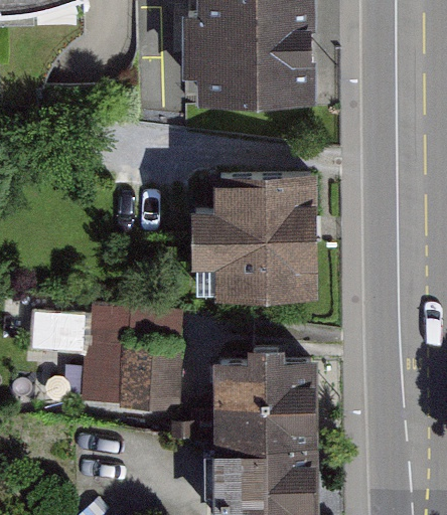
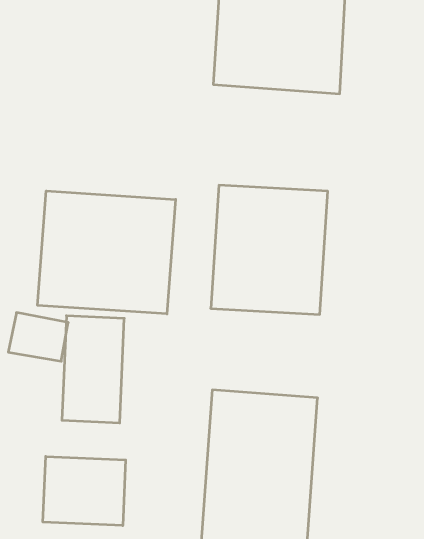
building: none -> [38,191,176,314]
building: none -> [43,456,126,526]

